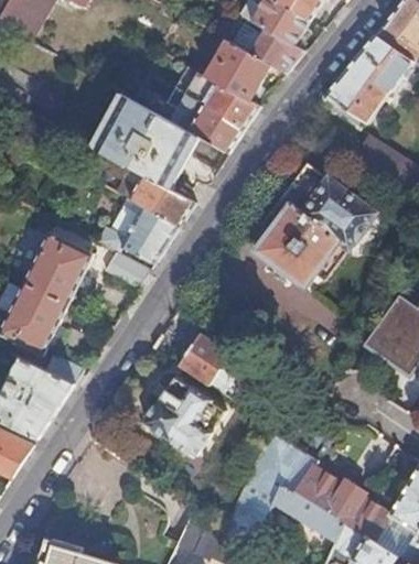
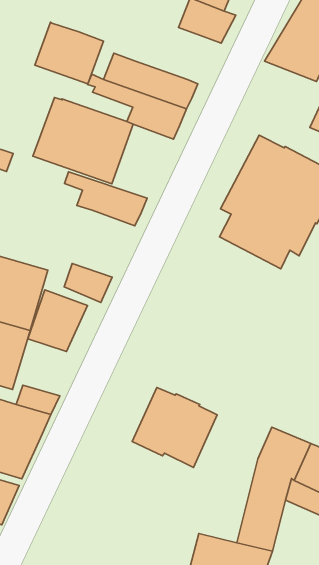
building: [204,40,270,101] -> [35,22,103,84]
building: [119,205,179,264] -> [28,290,88,352]
building: [178,332,228,383] -> none

